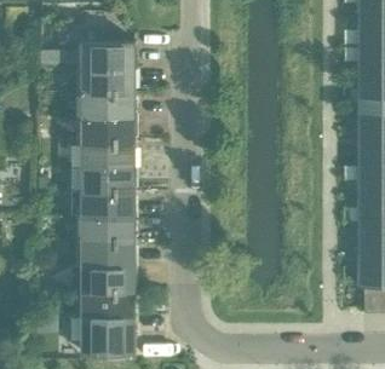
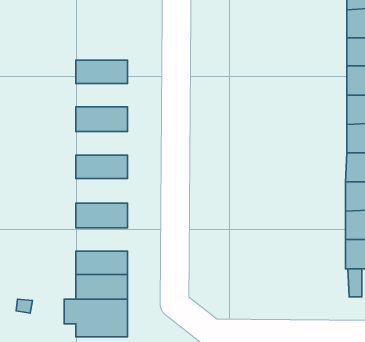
building: [82,41,136,68] -> none
building: [82,92,136,116] -> none
building: [82,142,136,166] -> none
building: [82,190,136,215] -> none
building: [82,241,136,265] -> none

